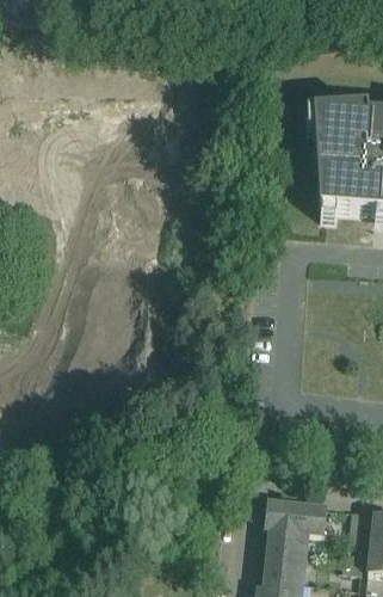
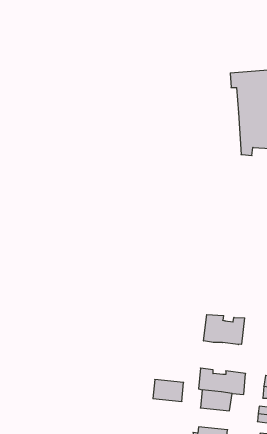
building: none -> [204,315,245,345]
building: [265,549,305,578] -> [153,380,184,401]

